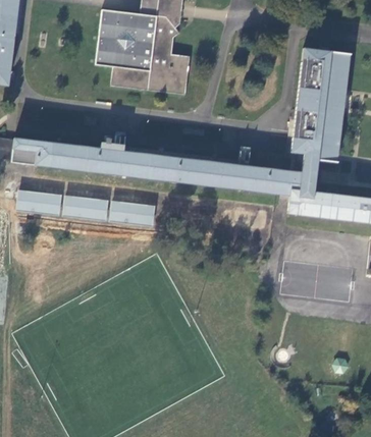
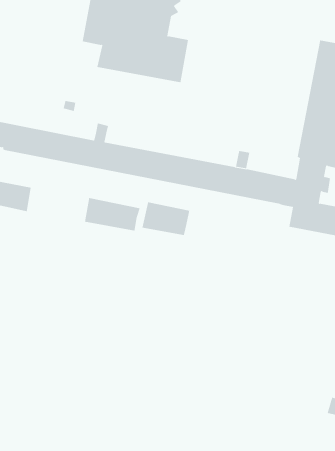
building: [63,195,109,221] -> none
building: none -> [142,202,190,236]

